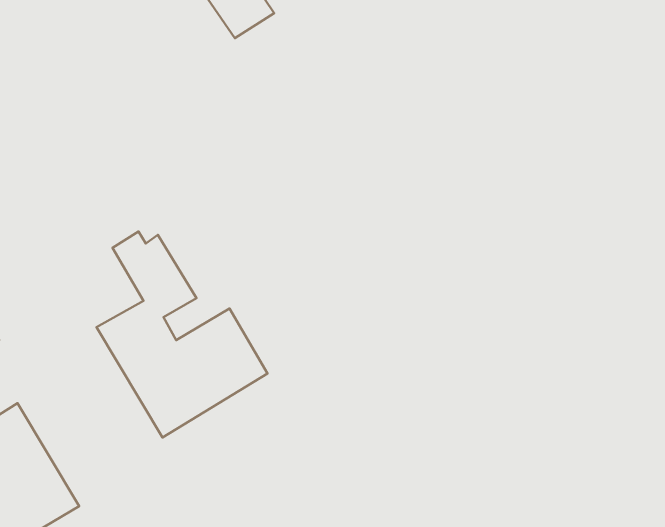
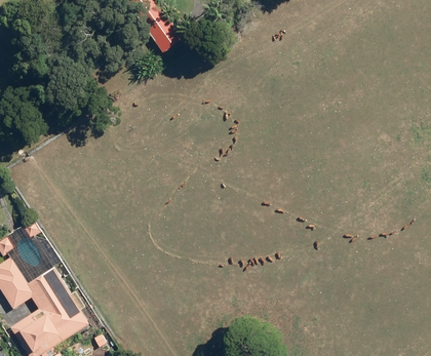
building: [96,232,268,438] -> none

